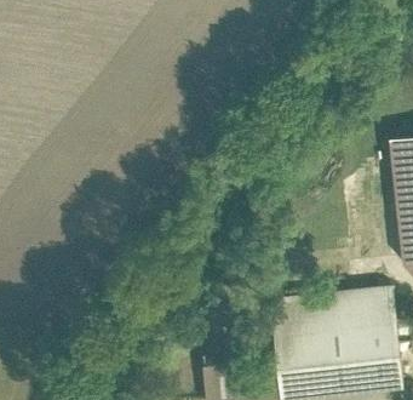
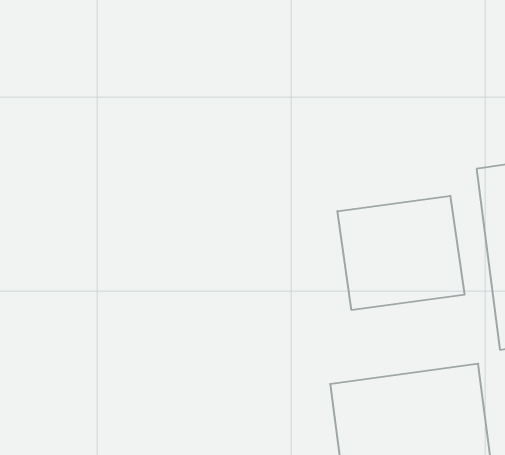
building: none -> [337,196,464,310]

